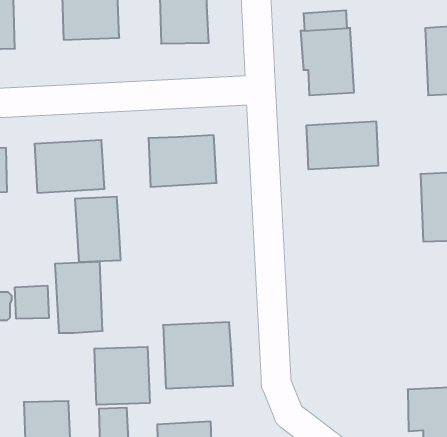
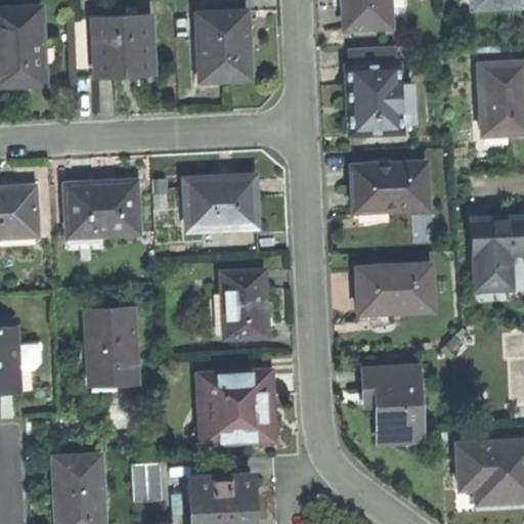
building: [75,197,121,262] -> [221,269,269,338]
building: none -> [357,264,433,313]
building: [15,286,49,319] -> none
building: none -> [361,364,420,440]
building: [94,347,150,405] -> none

